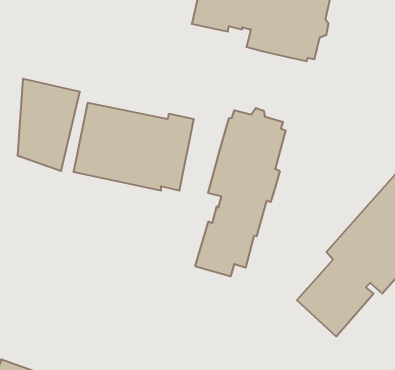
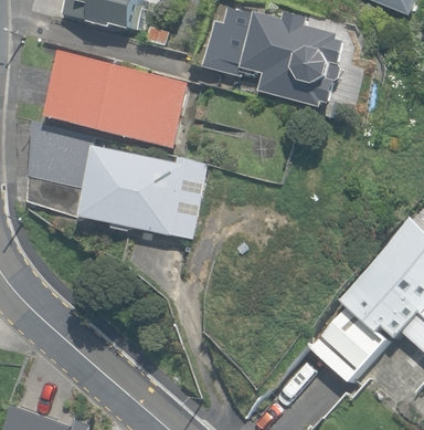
building: none -> [47,51,188,146]
building: [195,108,286,276] -> none

